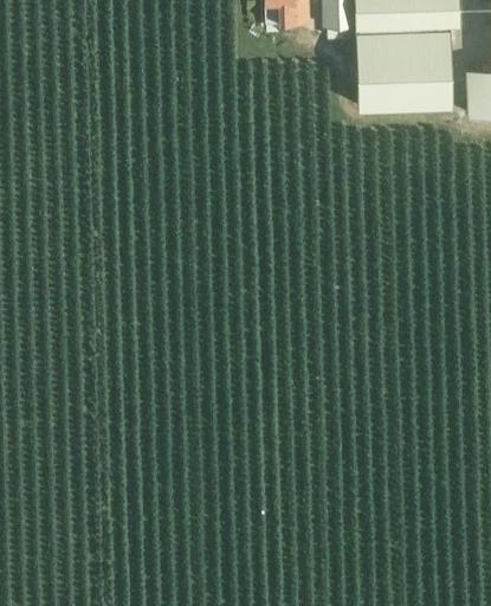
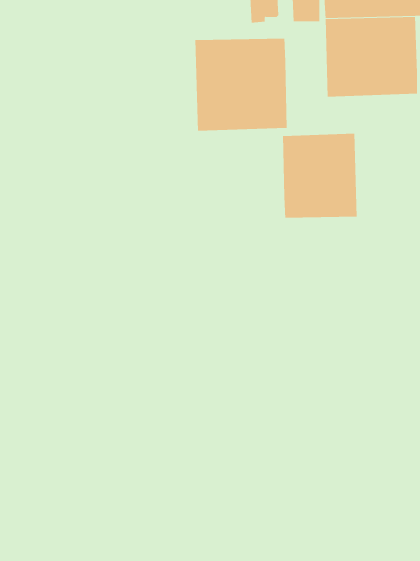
building: none -> [195,38,287,131]
building: none -> [282,133,357,219]

